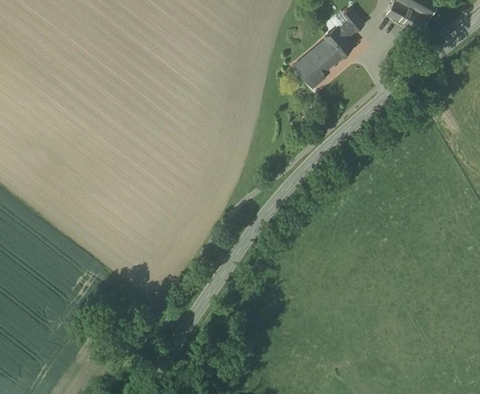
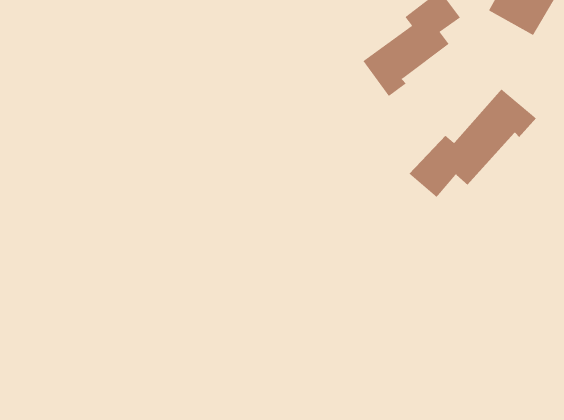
building: none -> [409,88,537,198]

